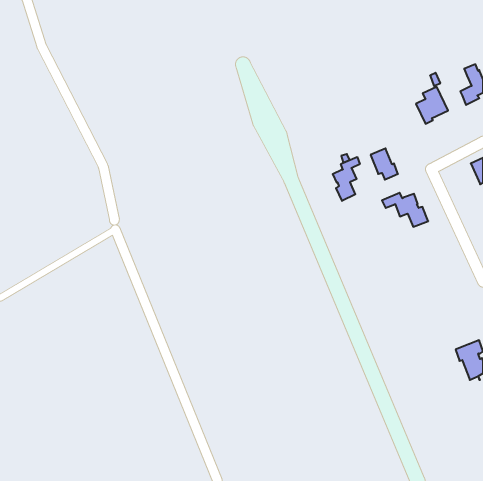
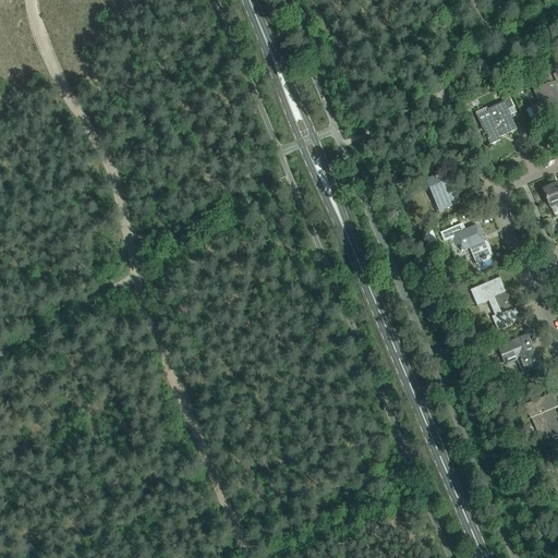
building: [333,157,360,201] -> none
building: none -> [470,276,515,329]
building: none -> [498,333,541,373]

